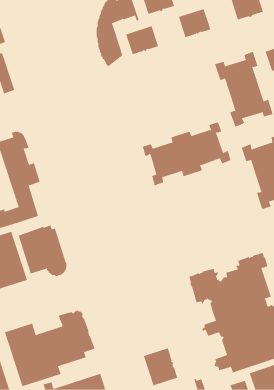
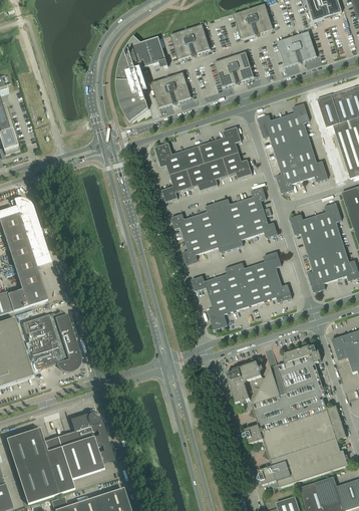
building: none -> [153,126,251,202]
building: none -> [191,251,291,329]
building: [143,347,178,386] -> none

